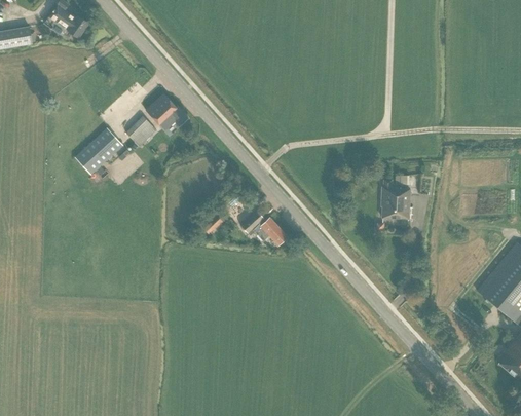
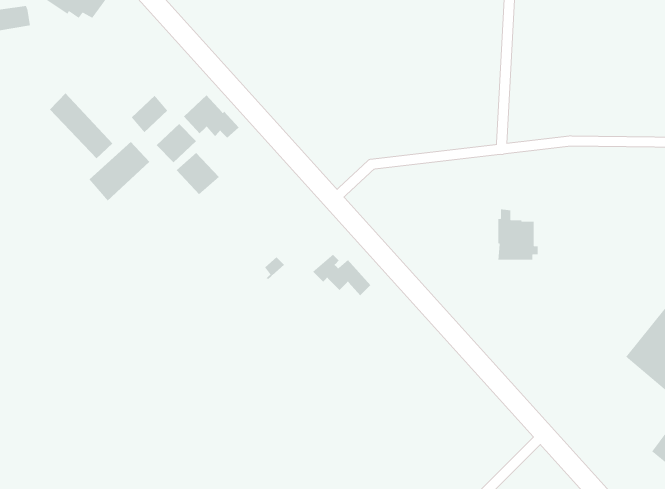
building: none -> [49,92,113,159]
building: none -> [131,95,168,133]
building: none -> [176,152,220,195]

